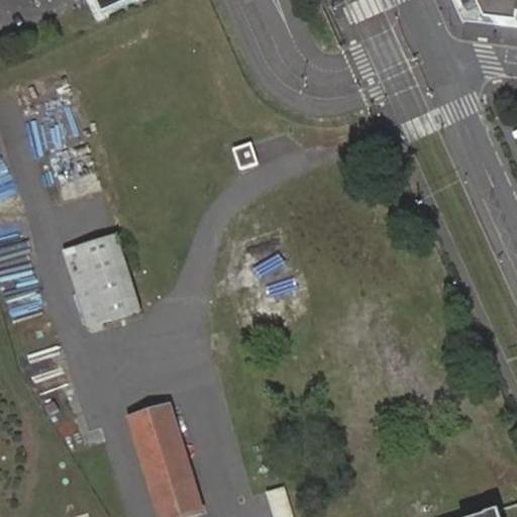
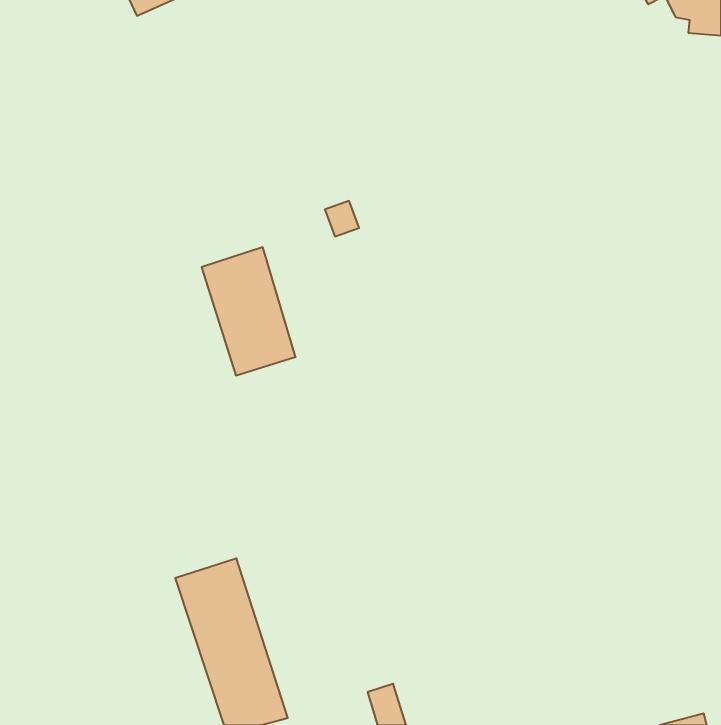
building: [66,236,132,327] -> [202,247,296,375]

